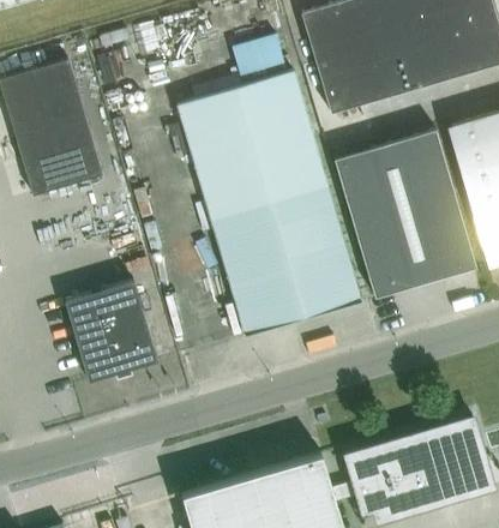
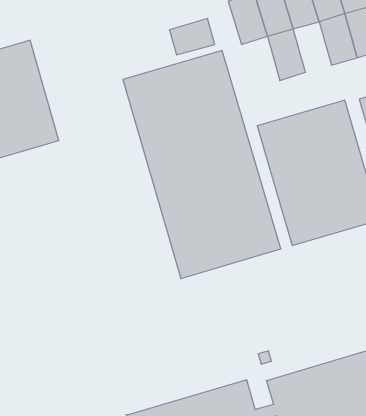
building: [375,37,420,96] -> none
building: [315,54,360,114] -> none
building: [66,281,158,382] -> none

